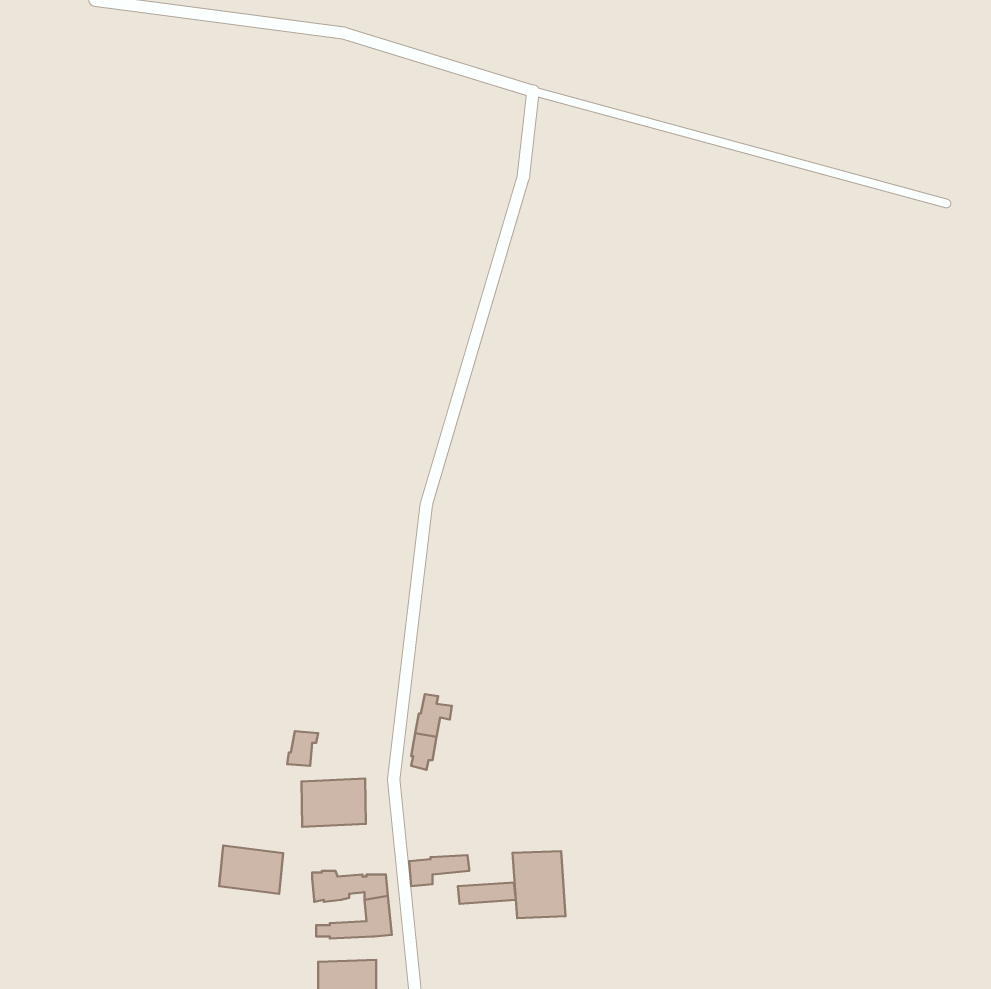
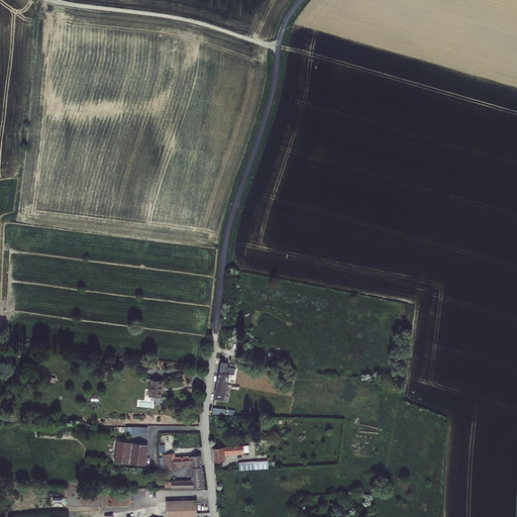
building: [301,778,366,827] -> none
building: [513,851,566,918] -> none

